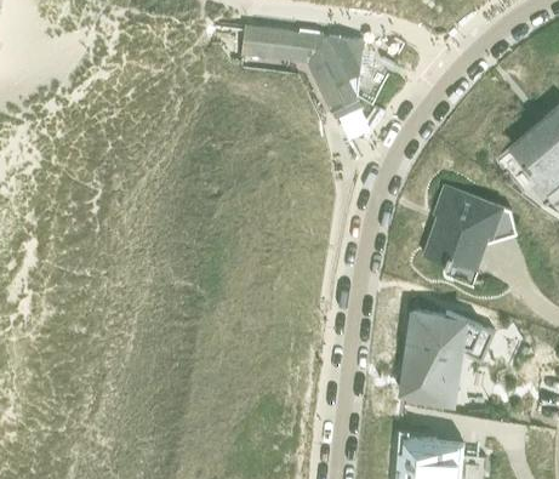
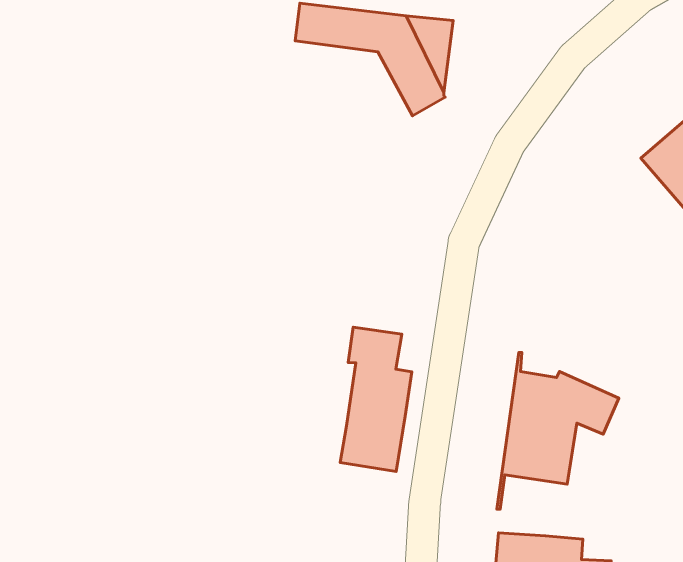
building: [422,188,515,287] -> none
building: none -> [340,327,412,472]

